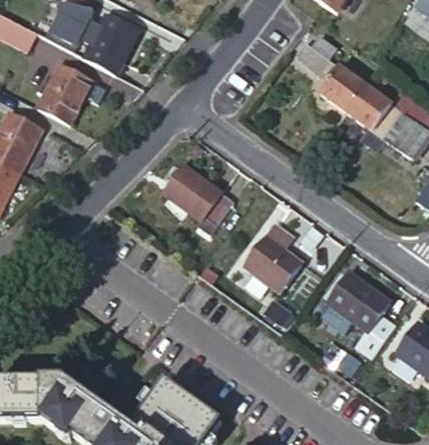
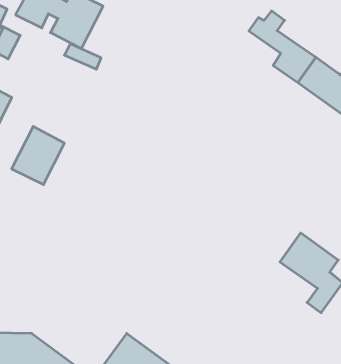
building: [36,62,92,124] -> [12,126,64,185]
building: [164,165,235,234] -> none
building: [246,224,303,291] -> none

